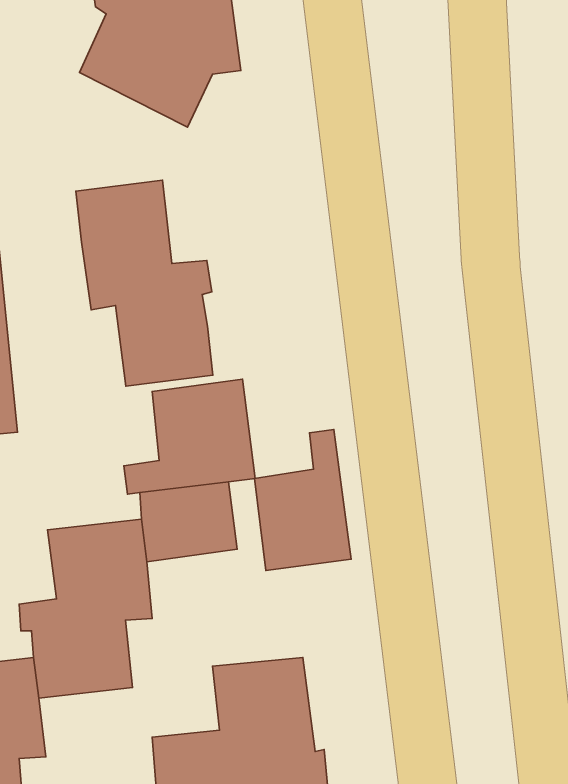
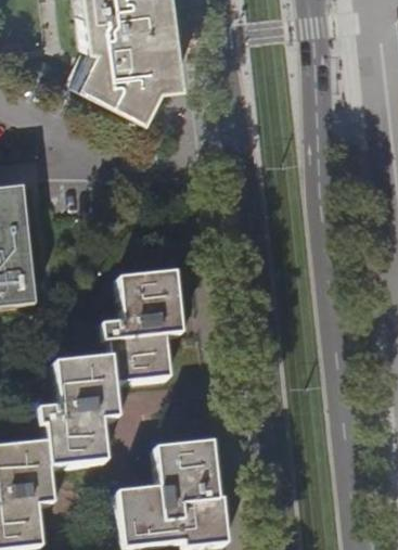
building: [76,180,213,386] -> none
building: [255,430,351,570] -> none

